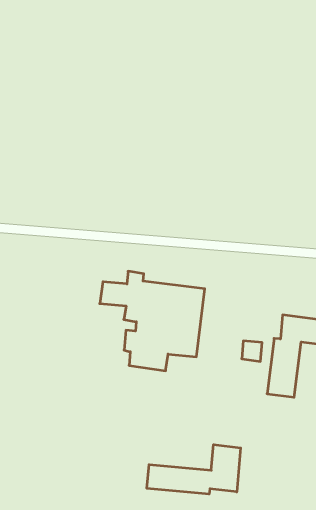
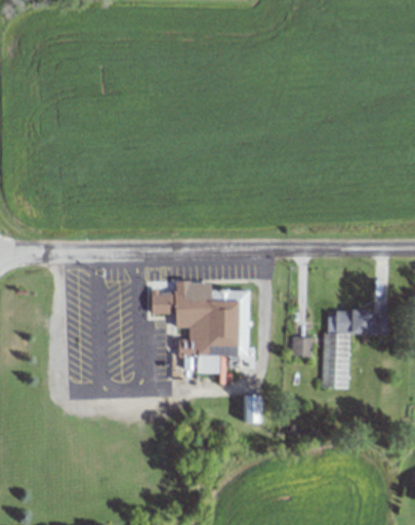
building: none -> [244,396,259,423]
building: [147,445,241,494] -> none

